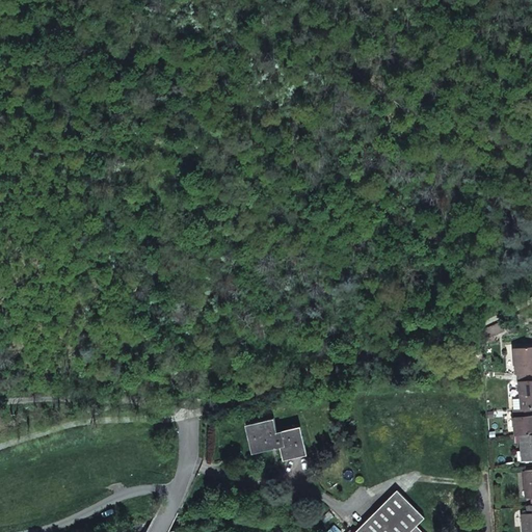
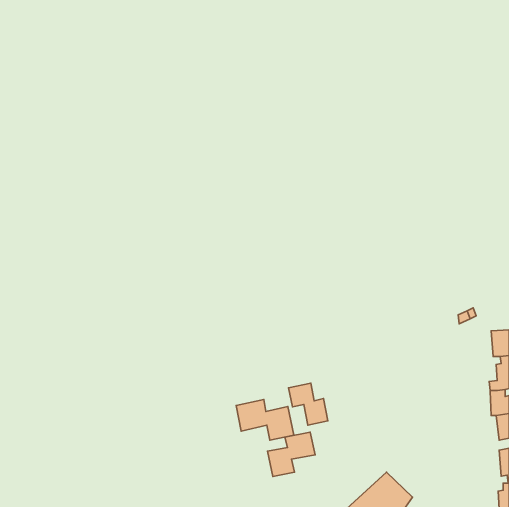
building: none -> [289,383,328,425]
building: none -> [267,432,315,477]

